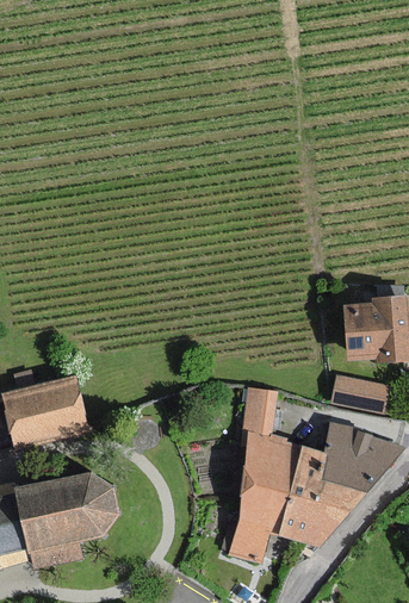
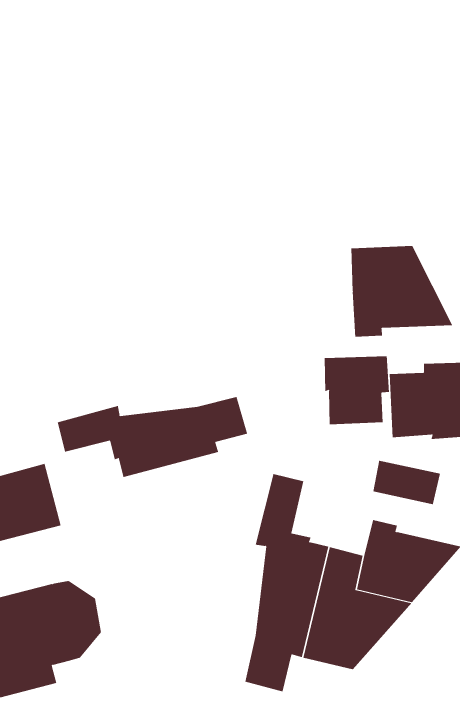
building: none -> [351,245,453,337]
building: none -> [324,356,389,425]
building: none -> [57,396,248,478]

